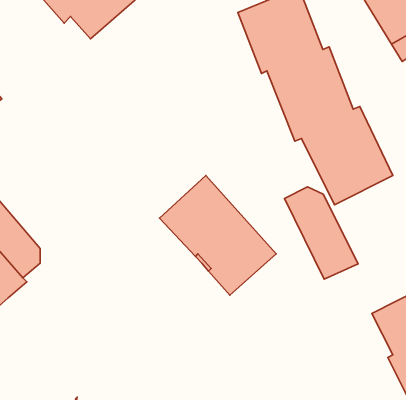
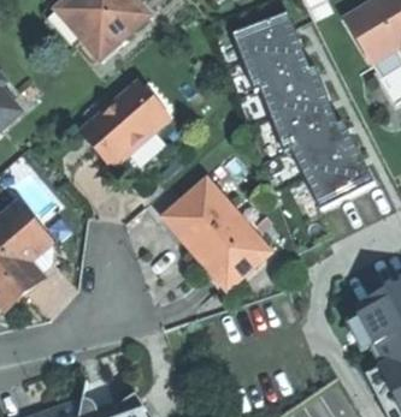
building: none -> [85,88,163,162]
building: [285,187,358,279] -> none

